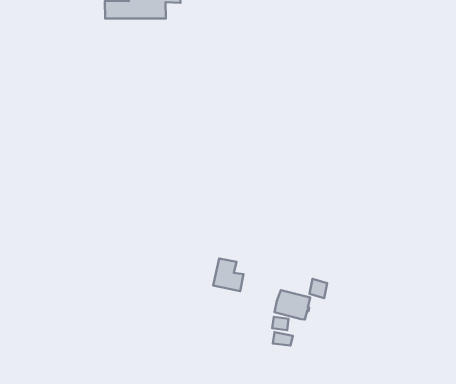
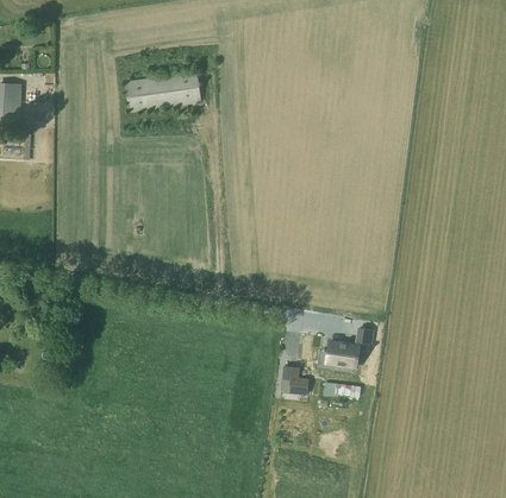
building: [213,258,244,291] -> [279,367,306,396]

